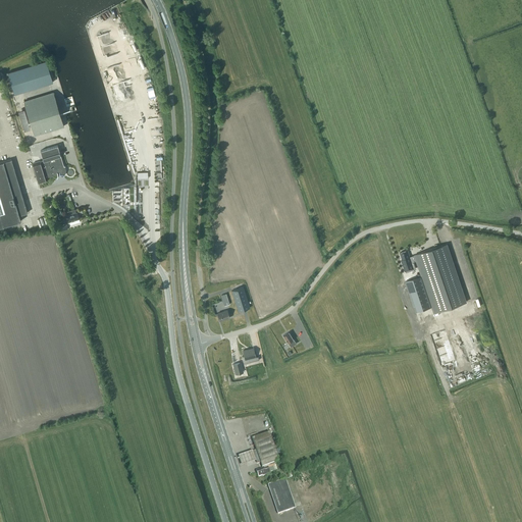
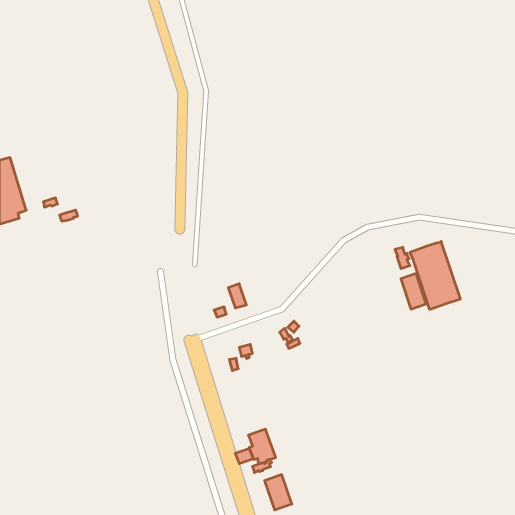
building: [10,61,55,93] -> none
building: [23,93,63,137] -> none
building: [32,146,65,184] -> none

